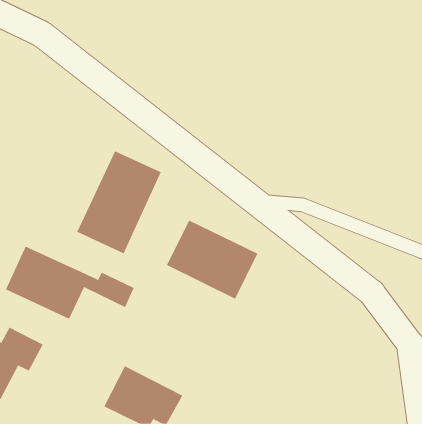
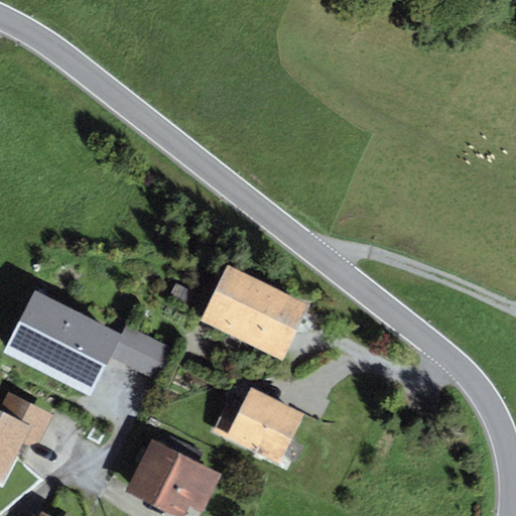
building: [77,151,162,254] -> none
building: none -> [209,388,307,467]

